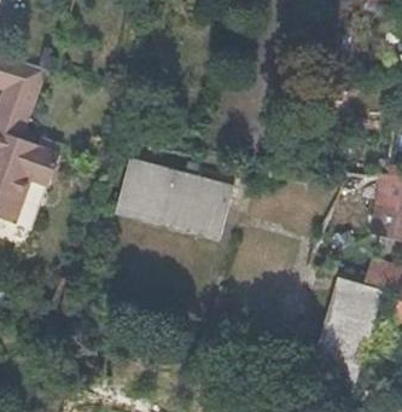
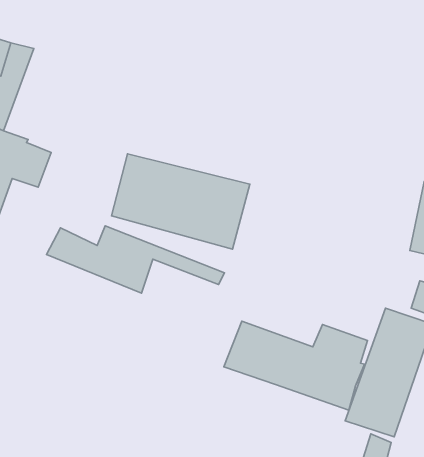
building: none -> [47,226,224,293]
building: none -> [224,321,368,410]

